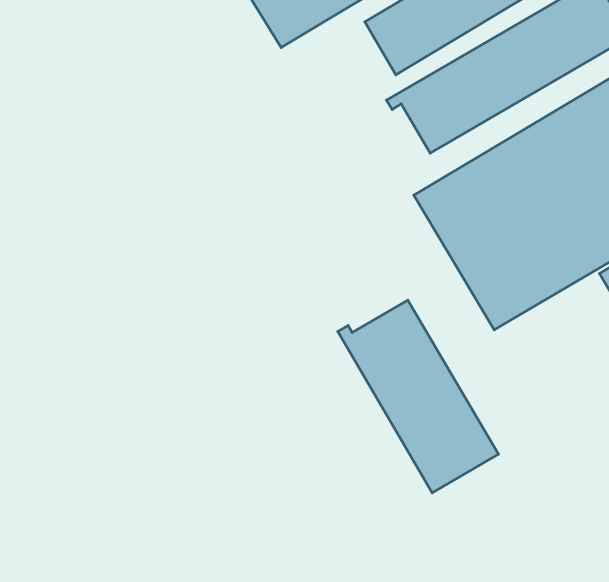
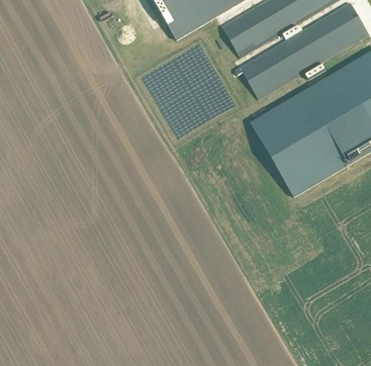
building: [338,300,498,493] -> none

